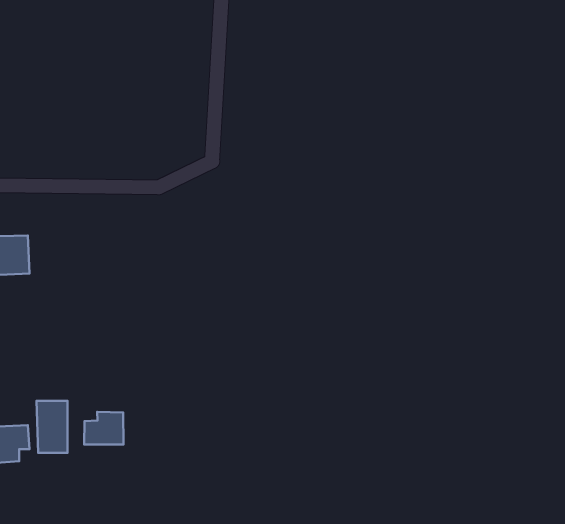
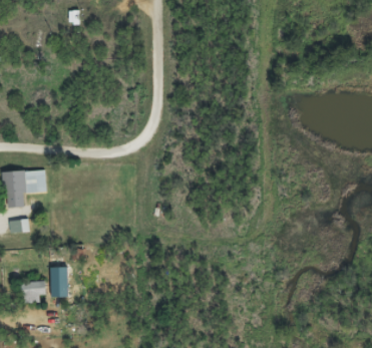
building: [84,412,123,444] -> none

